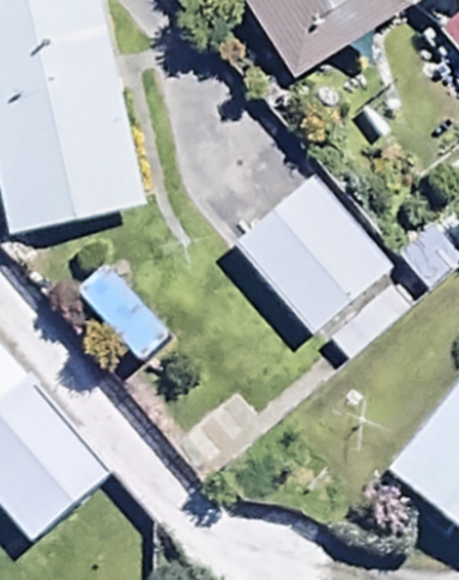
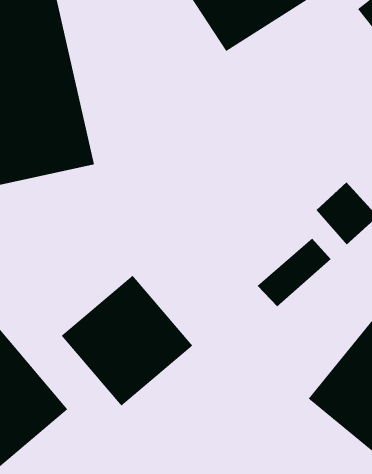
building: [235,175,386,328] -> none
building: none -> [61,275,193,407]

